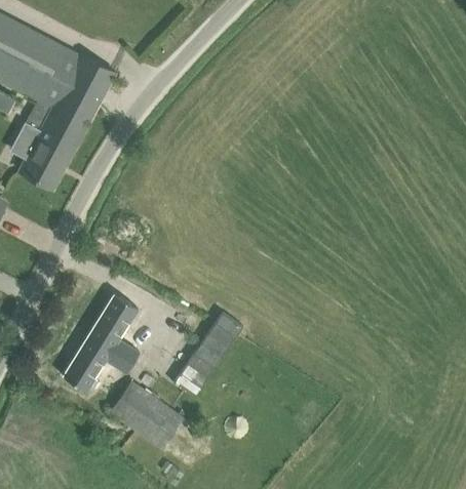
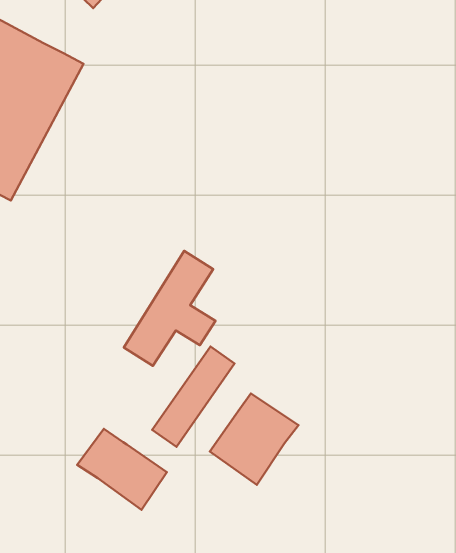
building: [62,293,140,391] -> [124,251,216,366]
building: none -> [210,393,298,485]

